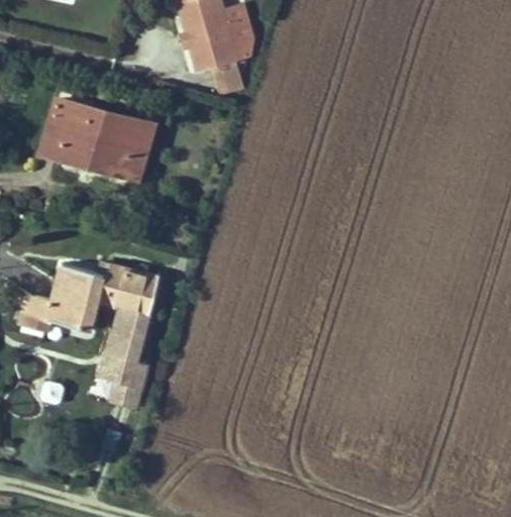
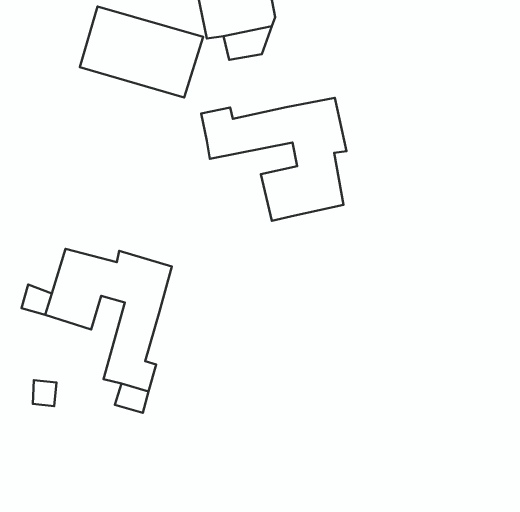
building: [42,99,154,181] -> [80,7,203,98]
building: none -> [201,98,346,221]

